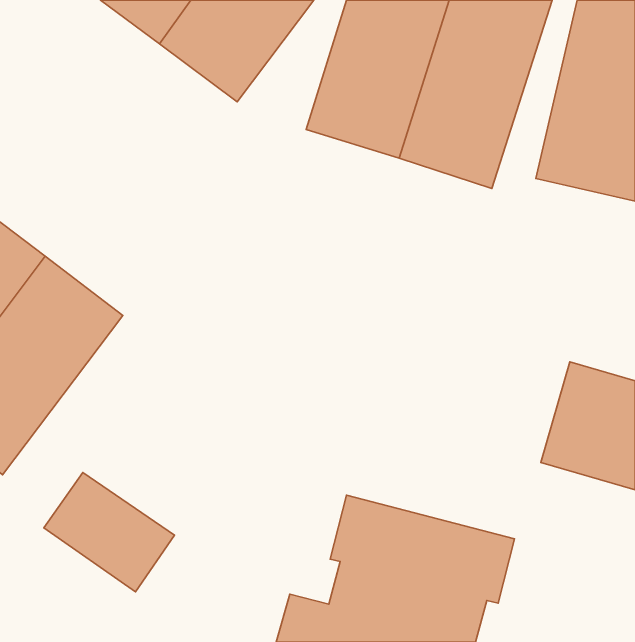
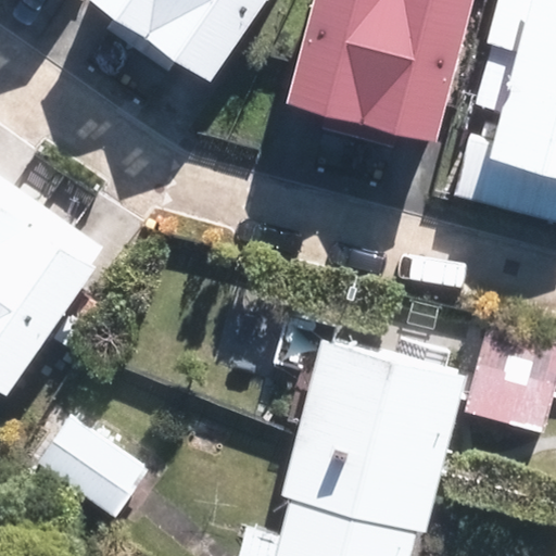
building: none -> [300,324,473,466]

